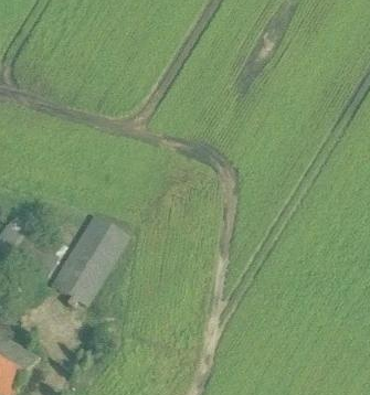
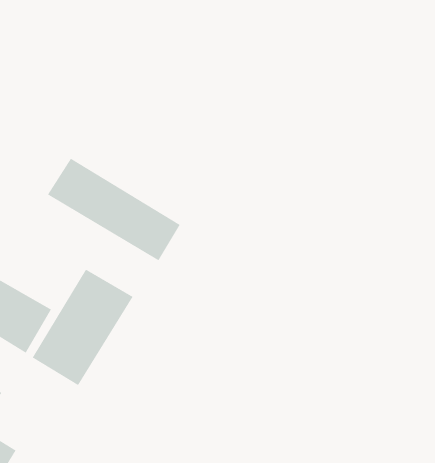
building: none -> [47,158,181,261]

